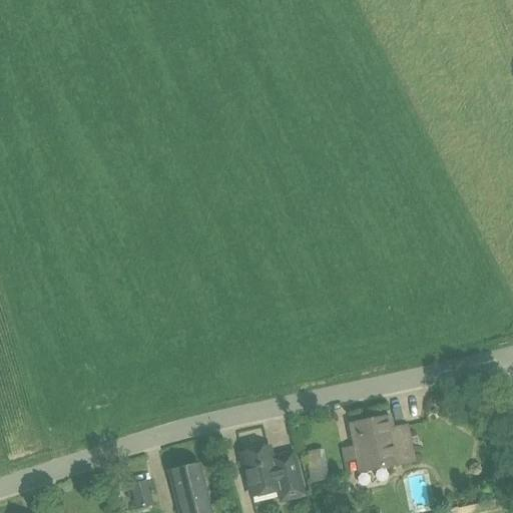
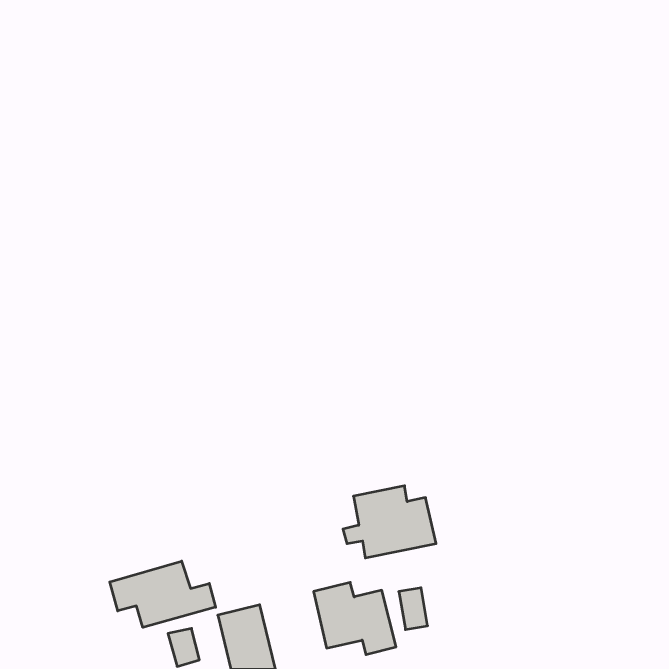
building: [343,416,414,471] -> [343,486,436,558]
building: none -> [110,561,216,627]

